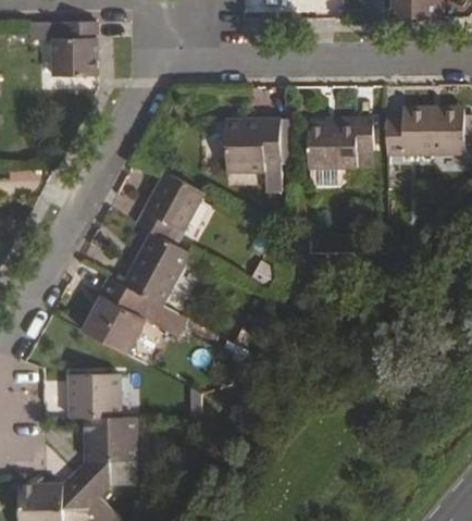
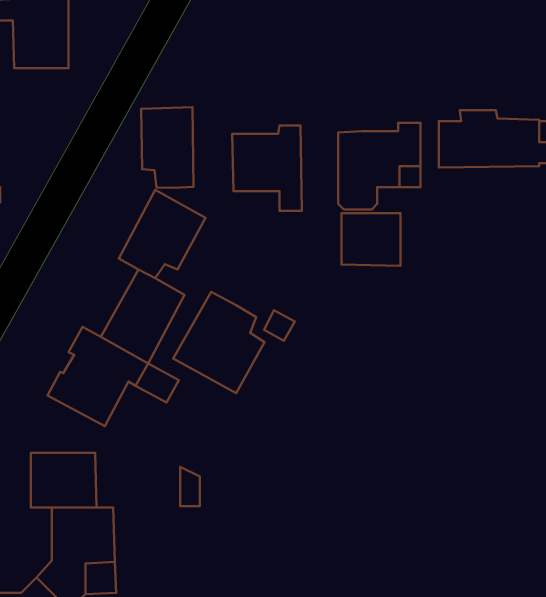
building: none -> [141,107,193,188]
building: none -> [341,213,401,266]
building: none -> [173,292,265,393]

